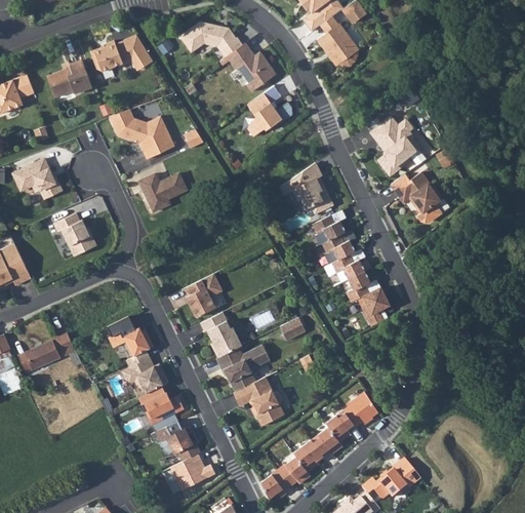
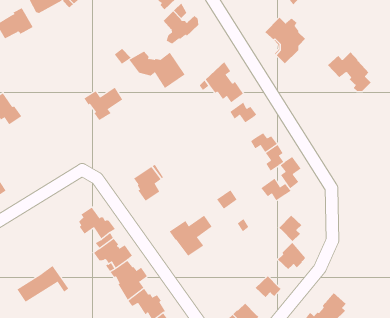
building: [109,110,174,159] -> [129,51,186,89]
building: [390,172,440,223] -> [327,51,372,92]
building: [54,213,97,256] -> none
building: [321,235,354,260] -> none
building: [201,311,243,356] -> none
building: none -> [261,178,291,201]
building: [18,333,82,373] -> [16,265,69,303]
building: [234,376,285,425] -> none
building: [325,409,354,442] -> [278,215,302,242]
building: [293,439,322,471] -> none

